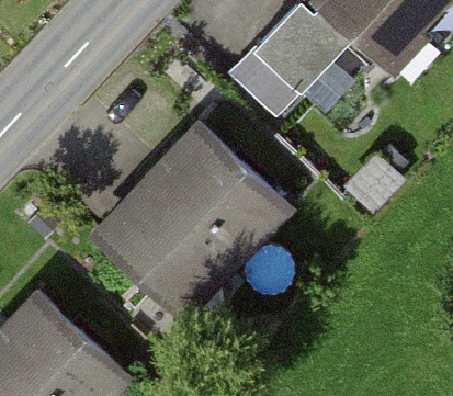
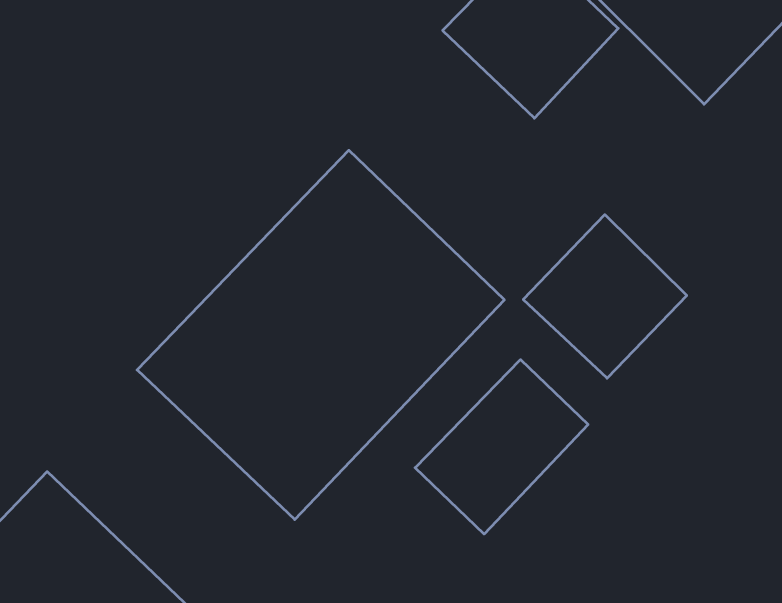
building: none -> [523,215,687,378]
building: none -> [415,360,588,534]

